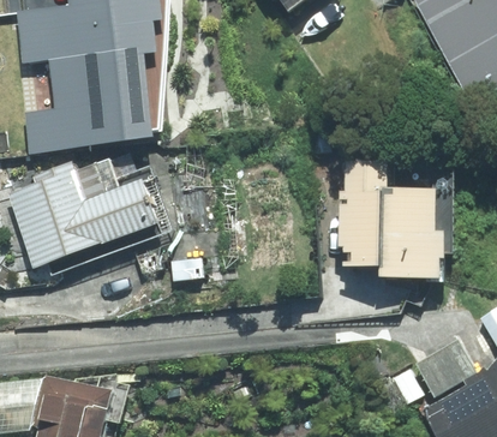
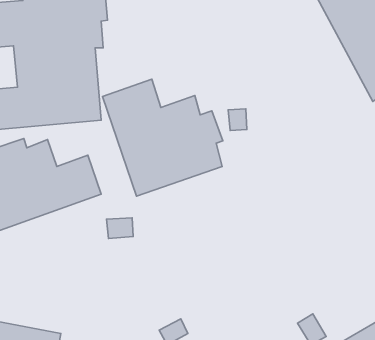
building: none -> [103,79,223,196]
building: [340,160,454,276] -> none

